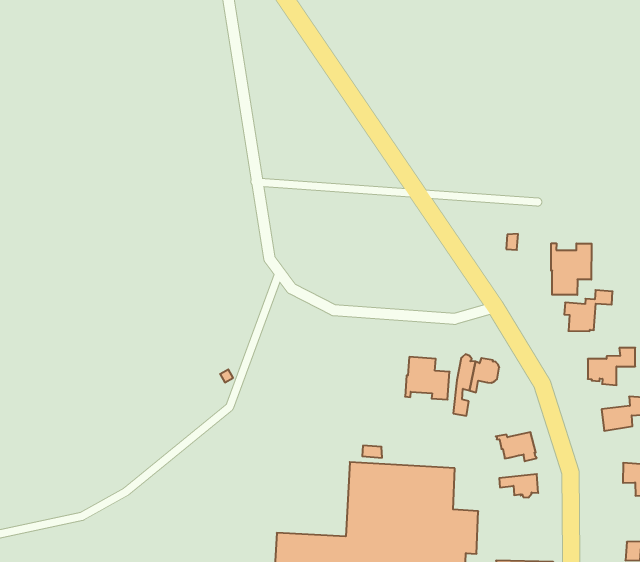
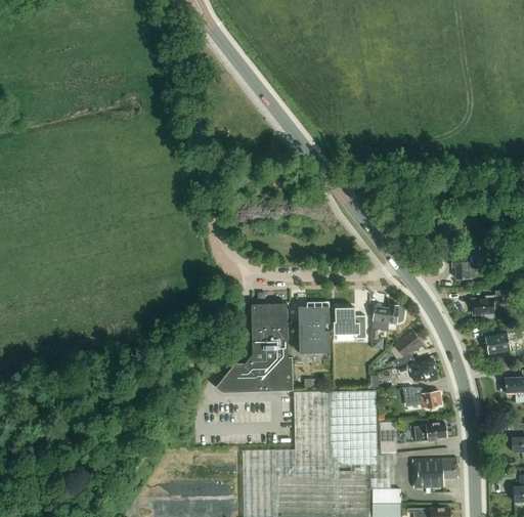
building: [551,243,592,295] -> none
building: none -> [214,304,291,392]
building: none -> [297,302,330,354]
building: none -> [392,332,422,367]
building: none -> [413,423,445,442]

